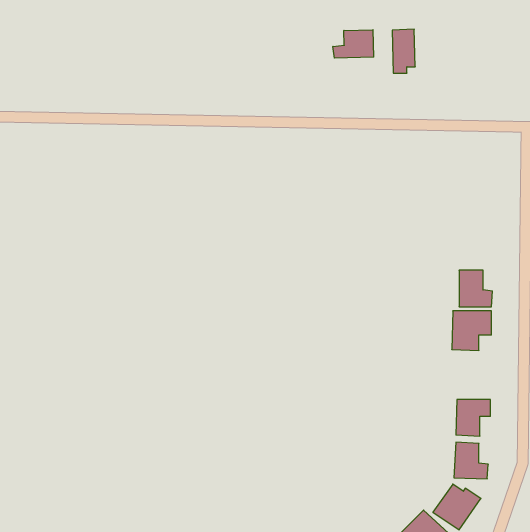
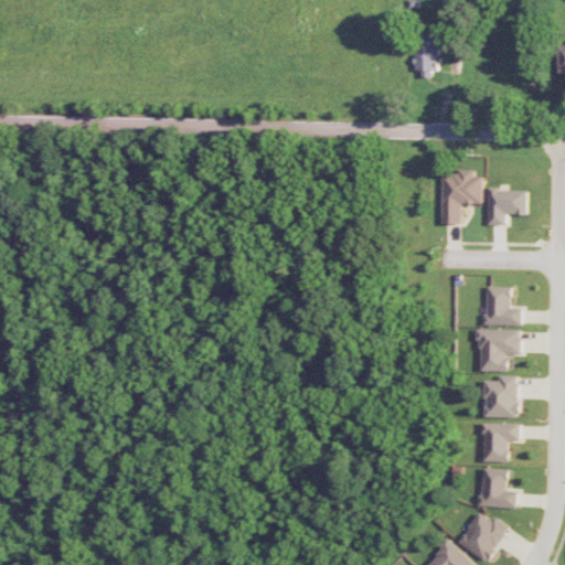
building: [333,30,374,58] -> none
building: none -> [440,172,481,225]
building: none -> [488,190,526,226]
building: none -> [483,376,518,418]

